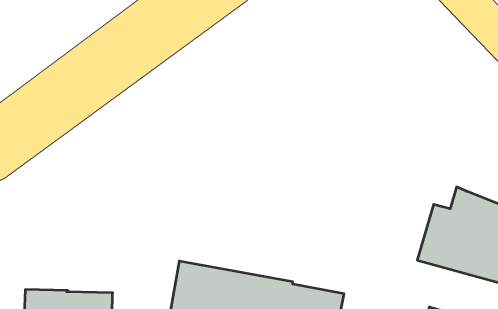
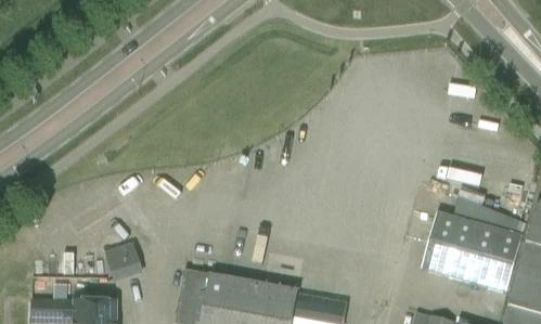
building: none -> [108,247,142,278]

